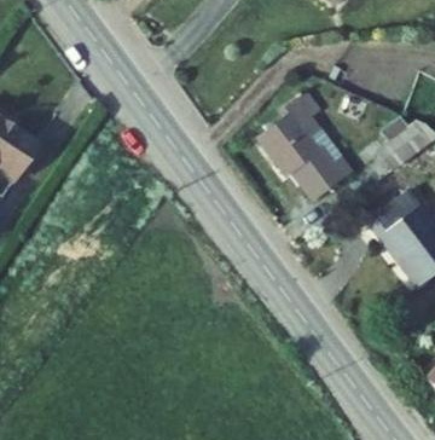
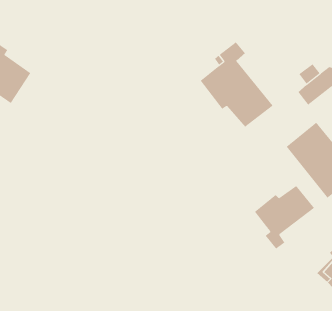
building: none -> [254,185,315,249]

